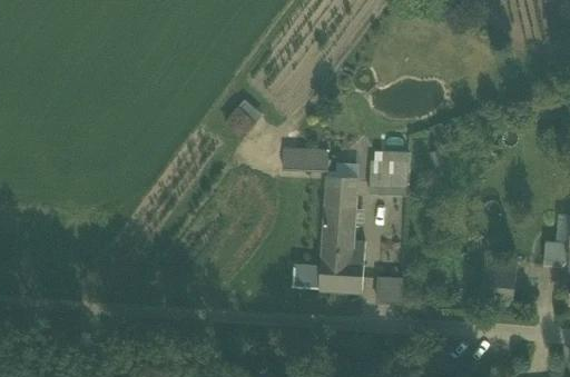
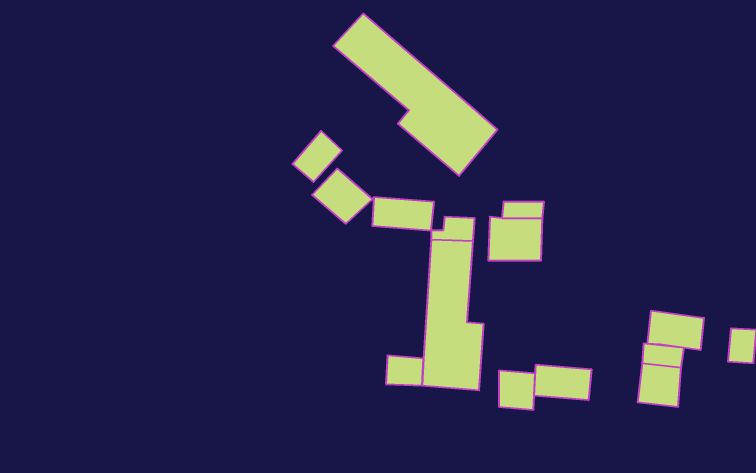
building: none -> [333,14,497,176]
building: none -> [312,169,372,224]
building: none -> [648,311,704,350]
building: none -> [534,365,592,400]

